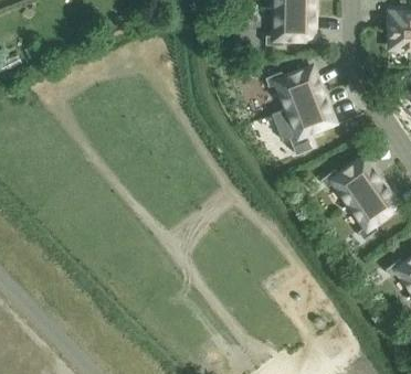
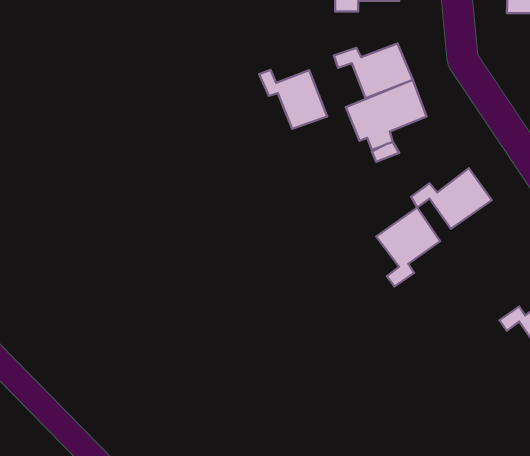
building: none -> [259,70,327,129]
building: [349,182,396,239] -> [376,208,440,287]

